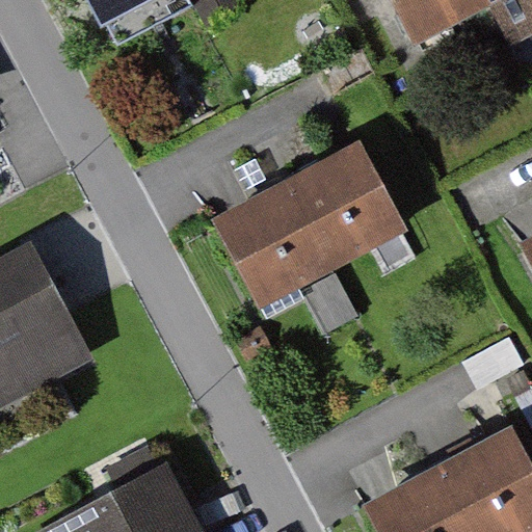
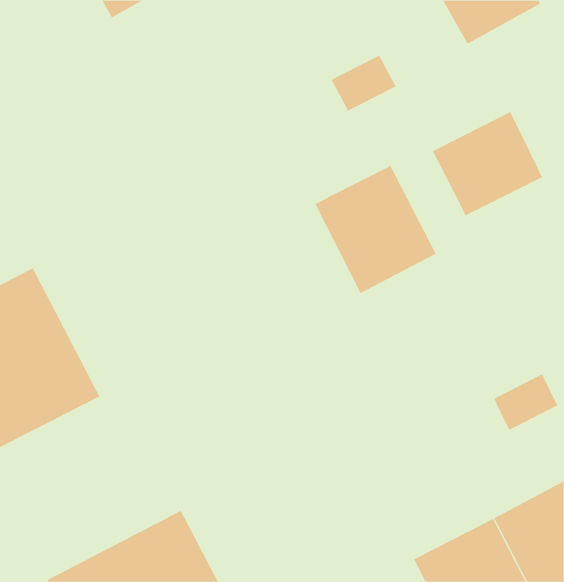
building: none -> [432,111,543,216]
building: [217,186,328,303] -> none

